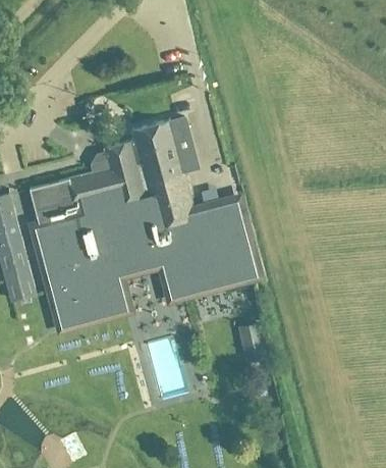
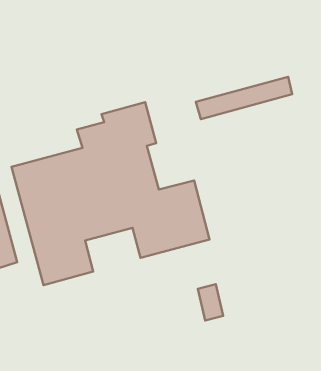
building: none -> [196,77,292,119]

